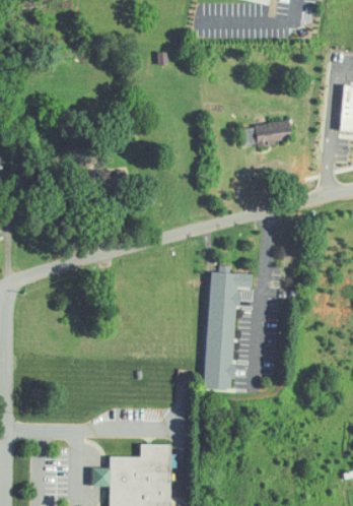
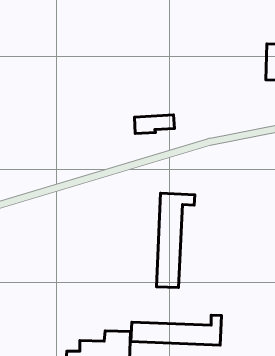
building: [241,123,291,146] -> [134,115,174,133]
building: none -> [131,315,221,345]

